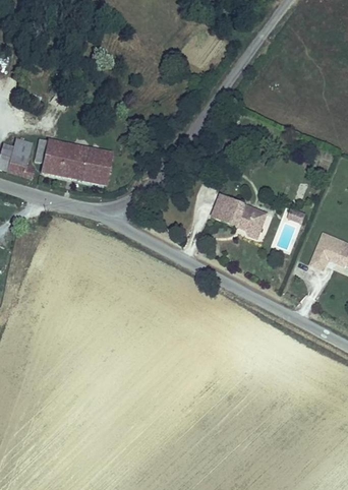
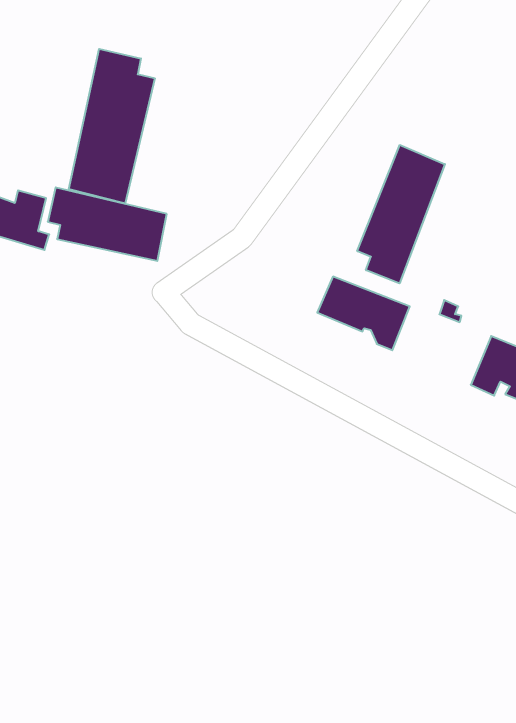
building: none -> [69,49,155,204]
building: none -> [357,145,445,283]

